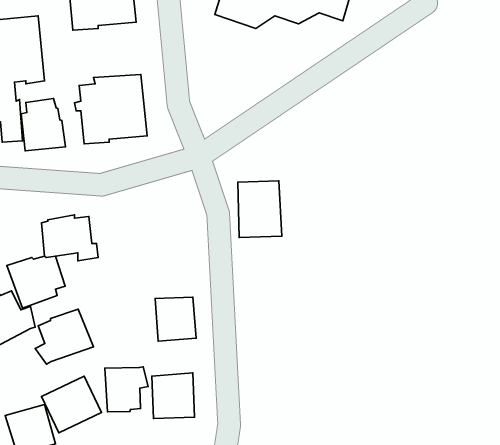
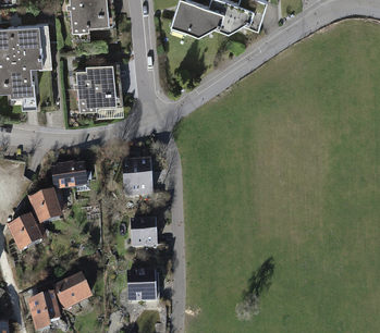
building: [21,98,65,151] -> none
building: [238,181,282,238] -> [122,157,152,196]
building: [35,309,93,364] -> none
building: [105,367,148,412] -> none

